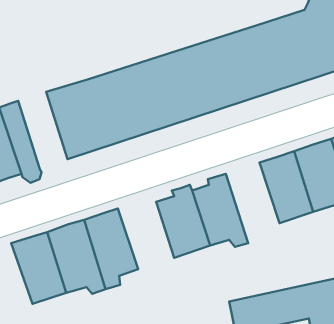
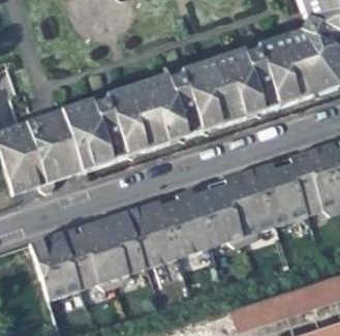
building: none -> [36,105,82,176]
building: none -> [227,171,277,245]
building: none -> [128,202,180,269]

